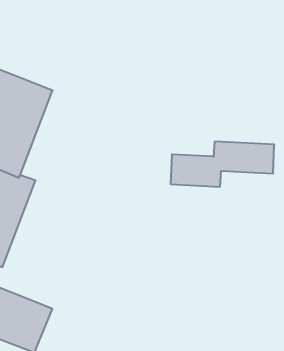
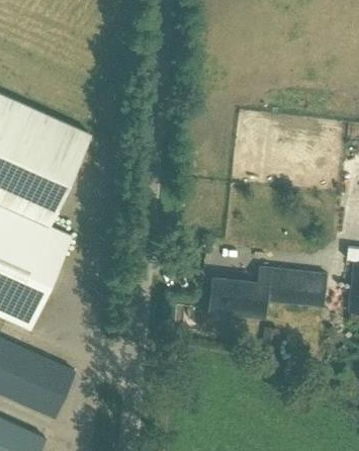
building: [171,142,274,187] -> [209,267,325,317]

